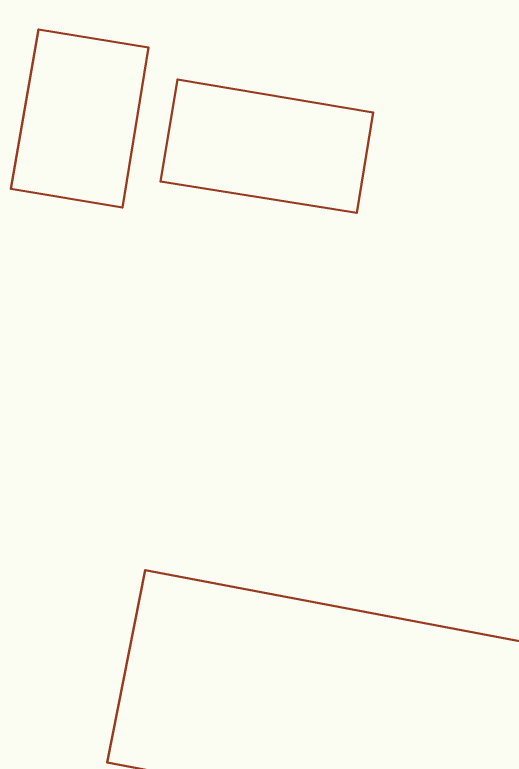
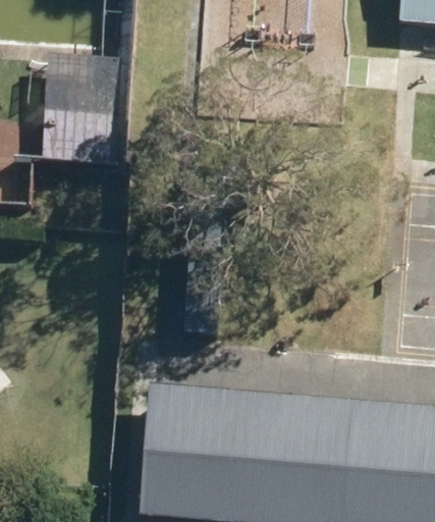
building: [161,80,373,213] -> none

